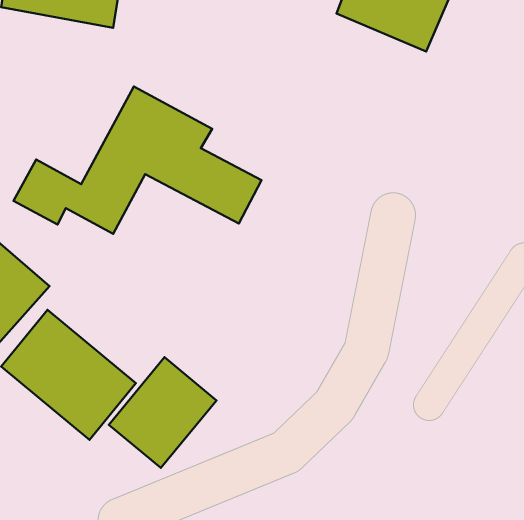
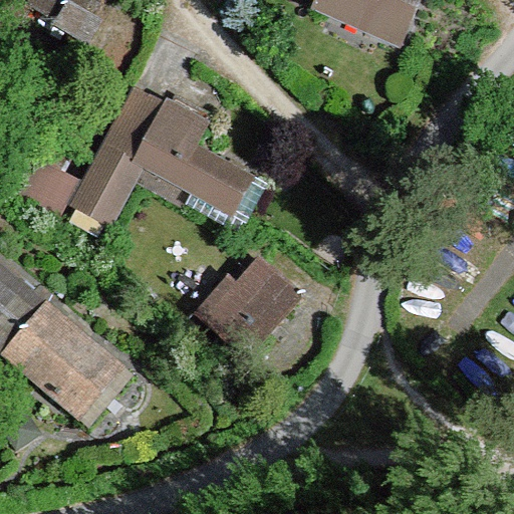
building: none -> [202,234,308,342]
building: [109,357,216,468] -> none

